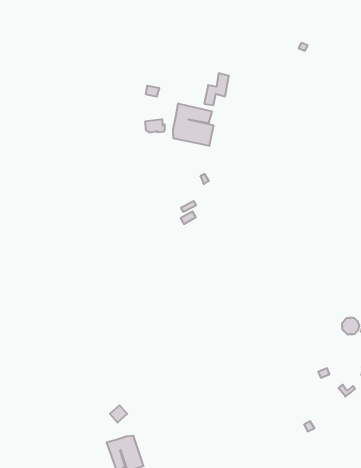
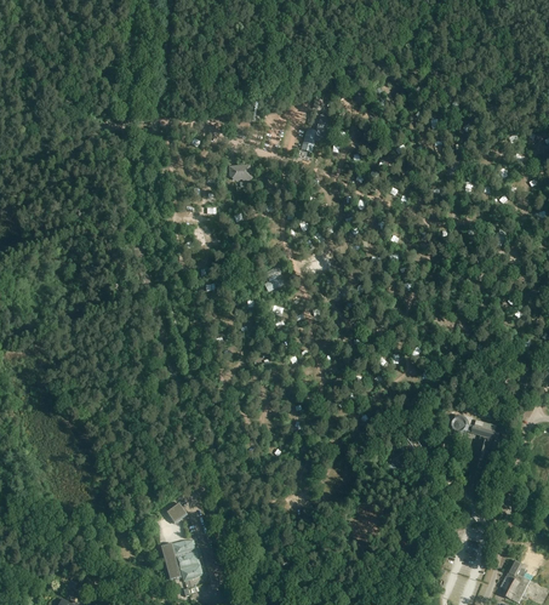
building: [173,103,213,146] -> none

